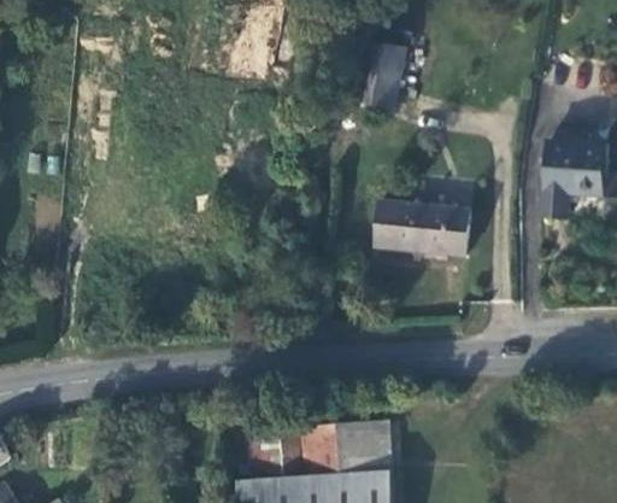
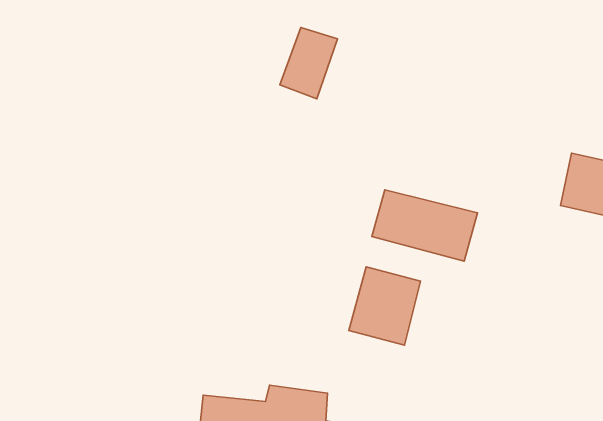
building: [358,47,404,110] -> [280,28,337,99]
building: none -> [349,267,421,345]

